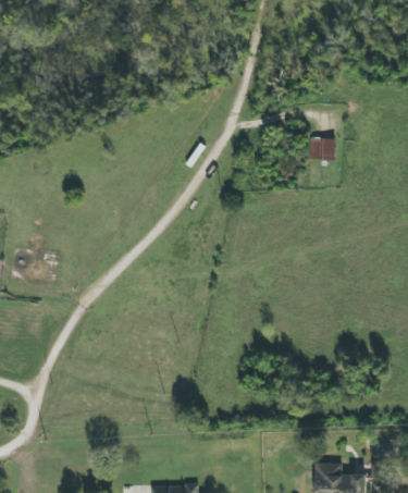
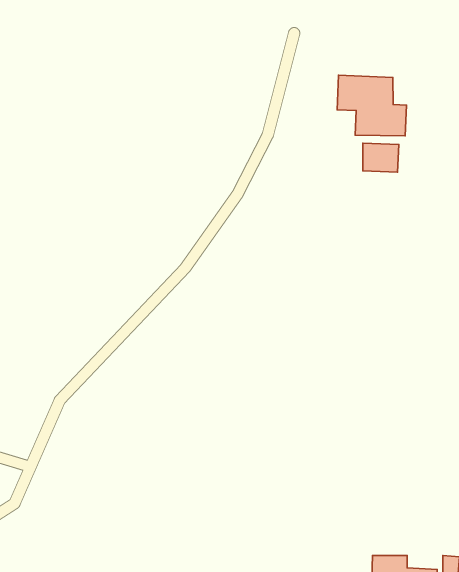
building: none -> [337,75,406,136]

